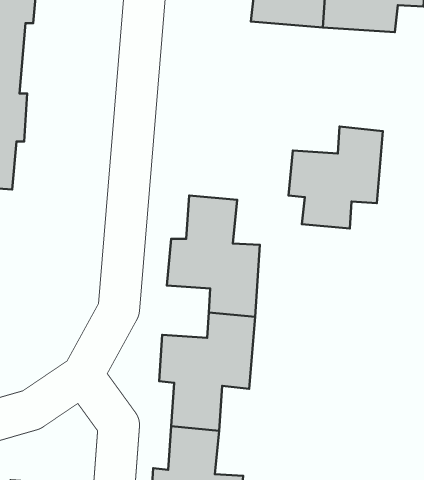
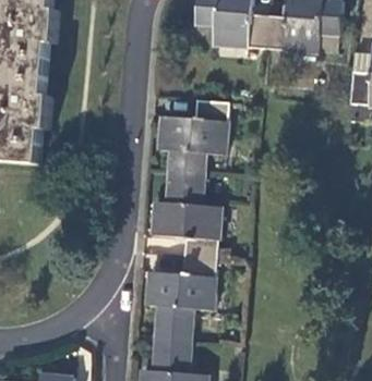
building: [288,127,383,229] -> [158,98,227,172]

